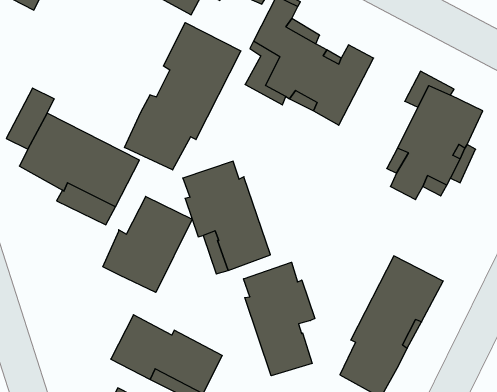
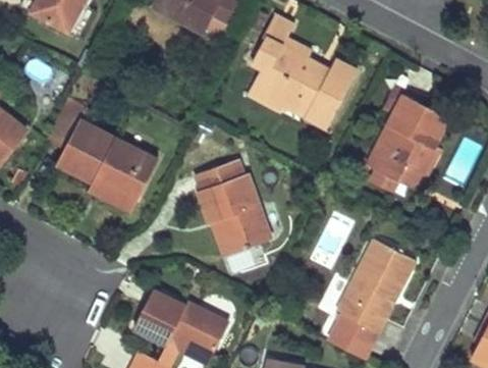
building: [125,23,241,170] -> none
building: [103,196,192,292] -> none
building: [244,262,315,376] -> none

